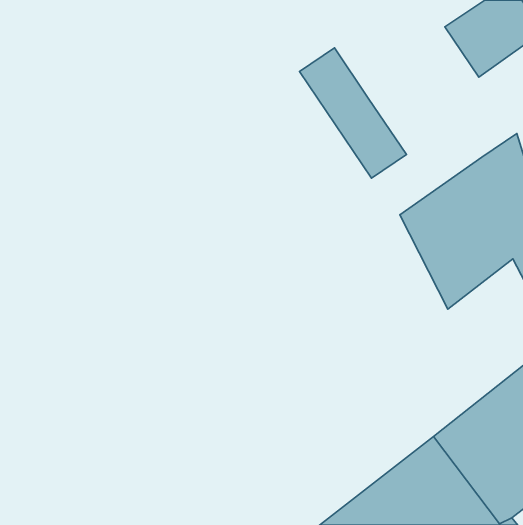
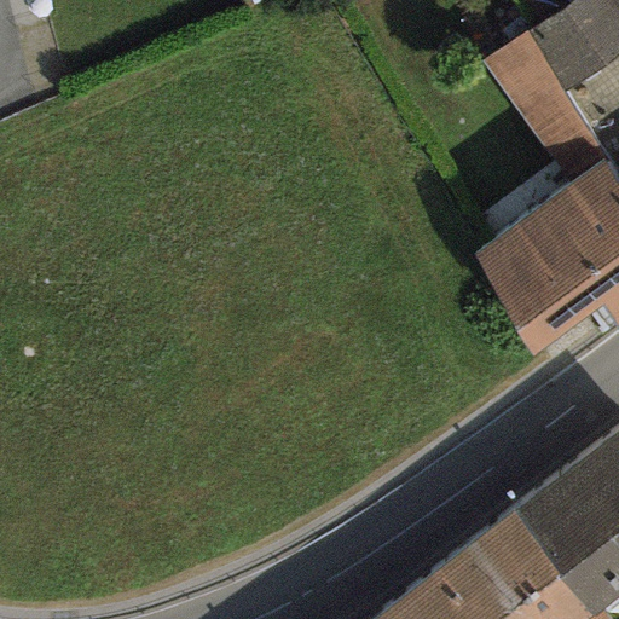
building: [299,48,406,178] -> [485,31,611,185]

